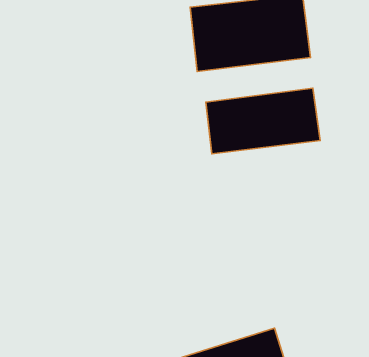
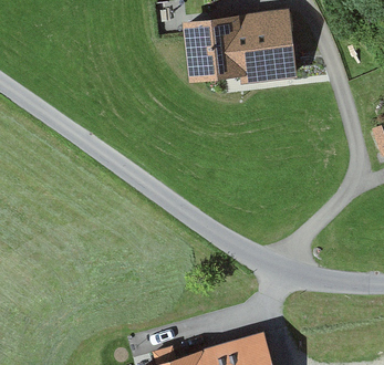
building: [206,88,320,154] -> none

